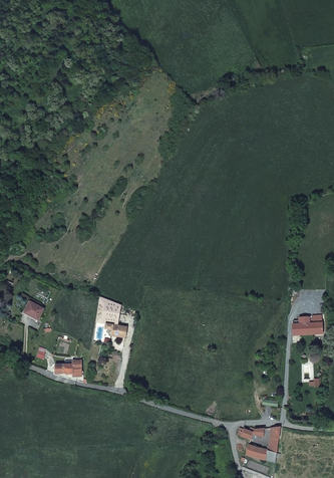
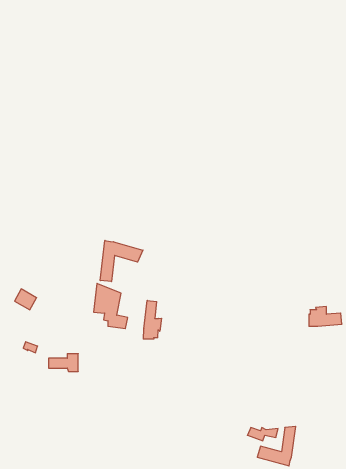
building: none -> [100,240,143,282]
building: none -> [143,300,161,339]

